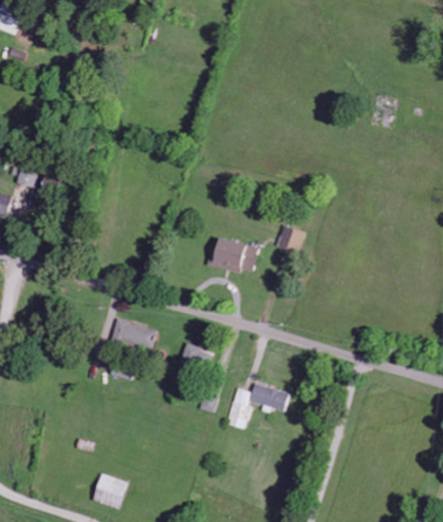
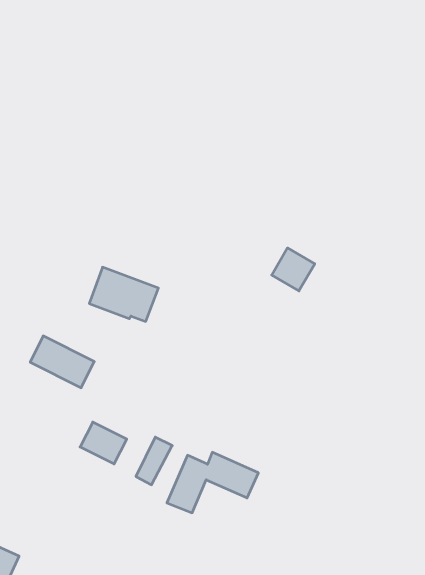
building: [209,237,258,271] -> [89,267,158,321]
building: [180,343,213,371] -> [80,422,127,464]

